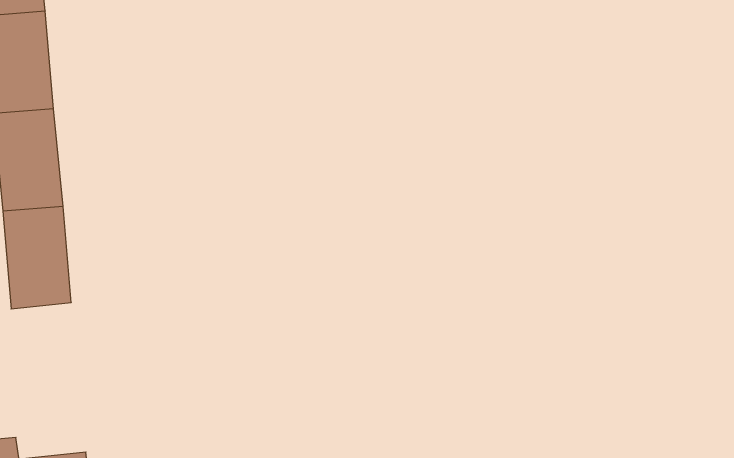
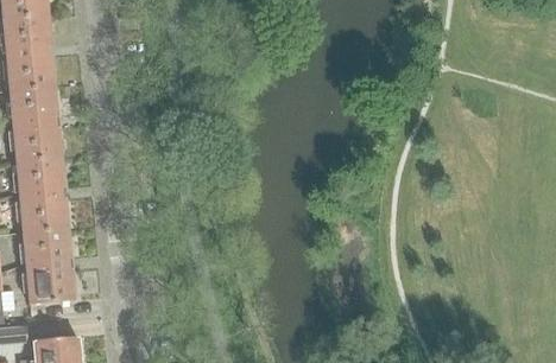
building: none -> [23,228,74,304]

